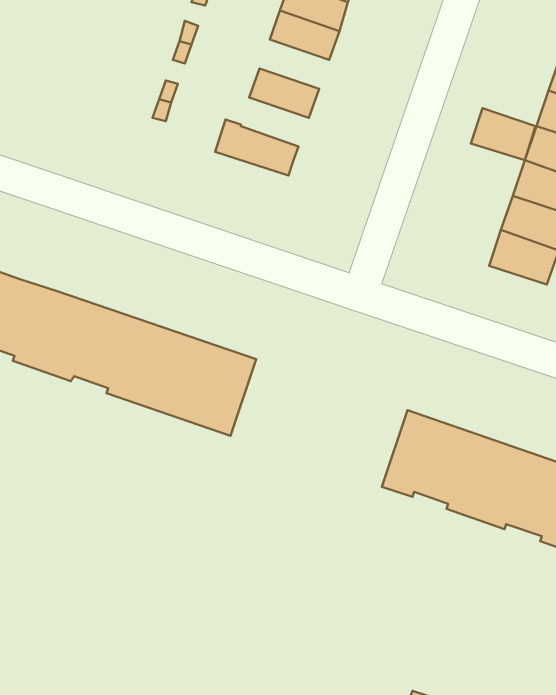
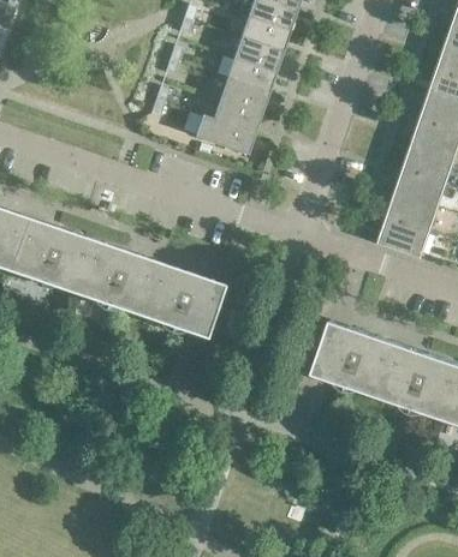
building: none -> [225,59,274,94]
building: none -> [212,100,260,134]
building: [471,108,536,160] -> none
building: none -> [379,218,428,257]

